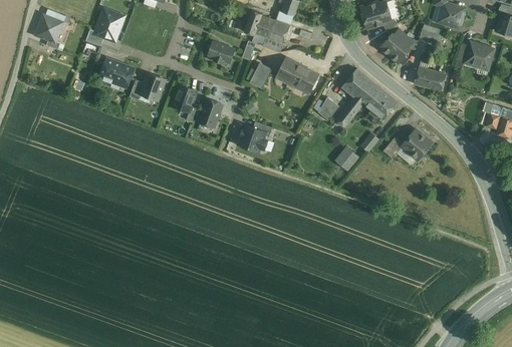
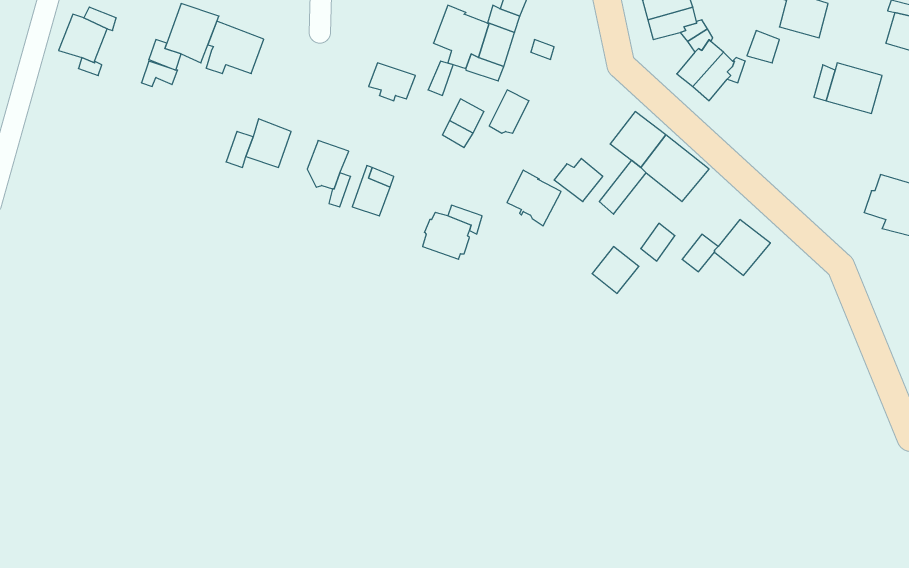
building: [100,58,133,87] -> [206,21,264,74]
building: [288,63,318,94] -> [507,170,561,226]
building: [413,66,445,91] -> none

